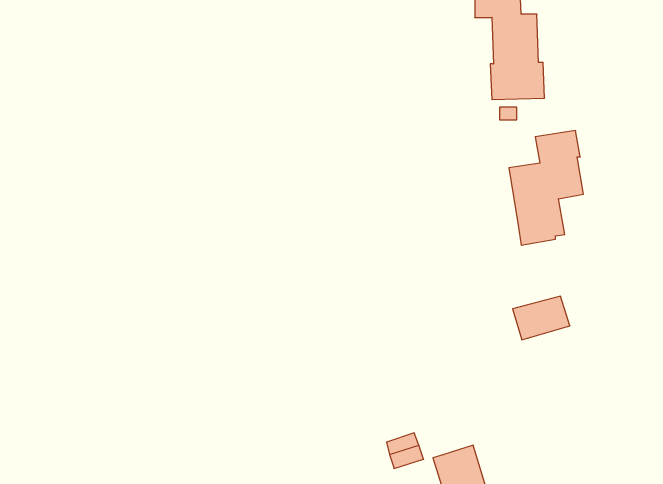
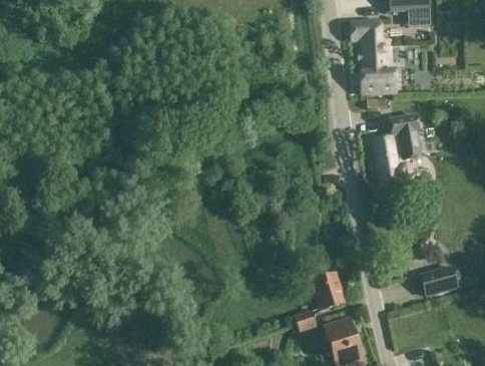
building: [513,296,570,340] -> [420,269,457,297]
building: none -> [310,272,345,311]

